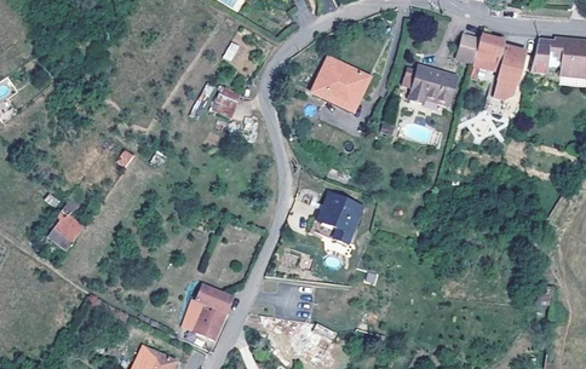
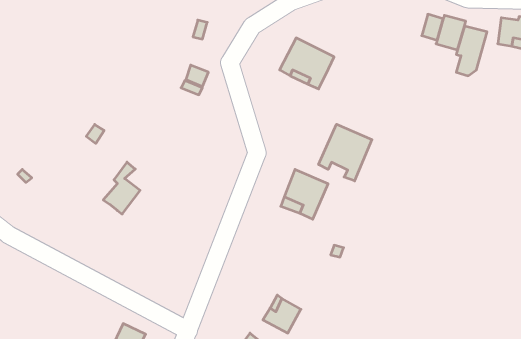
building: [409,65,458,104] -> none
building: none -> [319,124,372,181]
building: [47,197,85,250] -> [103,162,140,214]
building: [183,284,234,339] -> none

